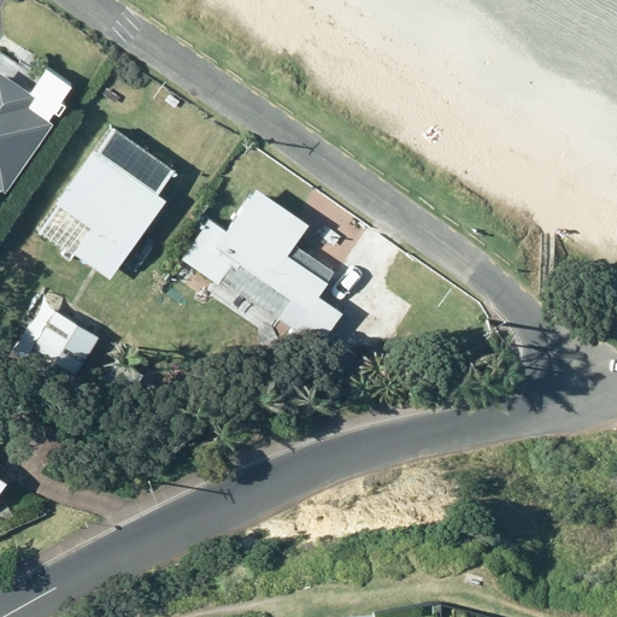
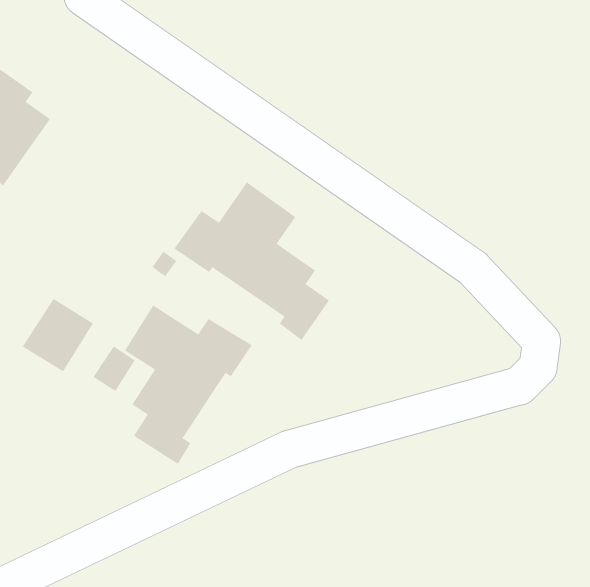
building: [39,128,171,280] -> none
building: none -> [124,304,252,465]

